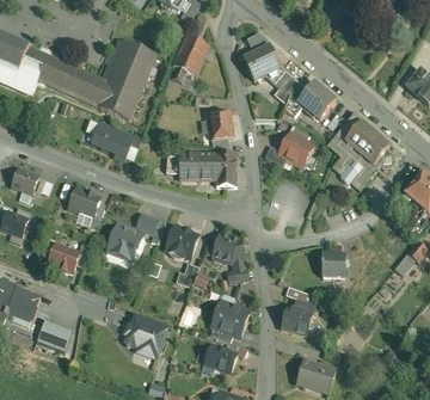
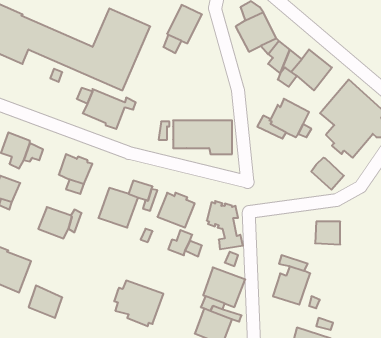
building: [208,111,233,140] -> none
building: none -> [311,158,344,190]

